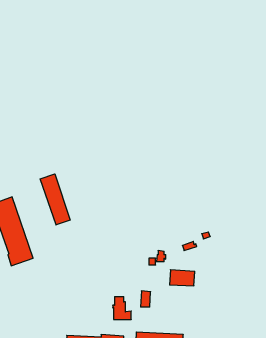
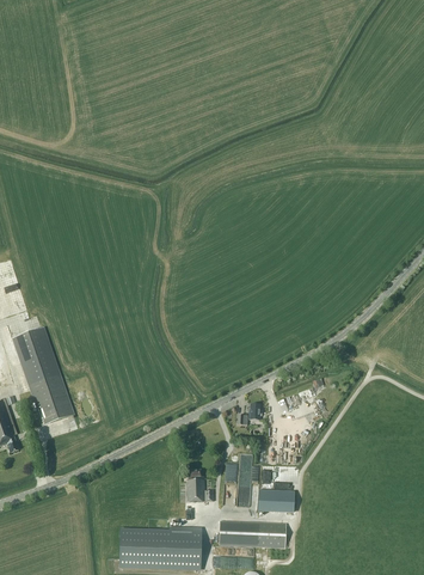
building: [40,174,70,225] -> none
building: [170,270,195,286] -> [258,491,294,514]

